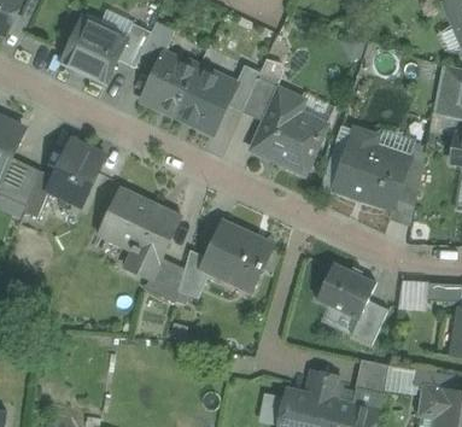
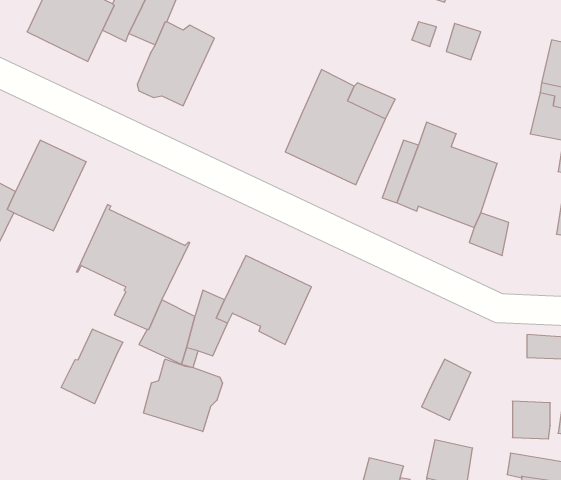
building: [176,65,236,135] -> none
building: [241,77,279,121] -> none
building: [394,147,425,200] -> none
building: [316,263,375,320] -> none
building: none -> [61,329,123,404]
building: [400,281,428,309] -> [512,401,550,439]
building: none -> [144,359,222,432]

